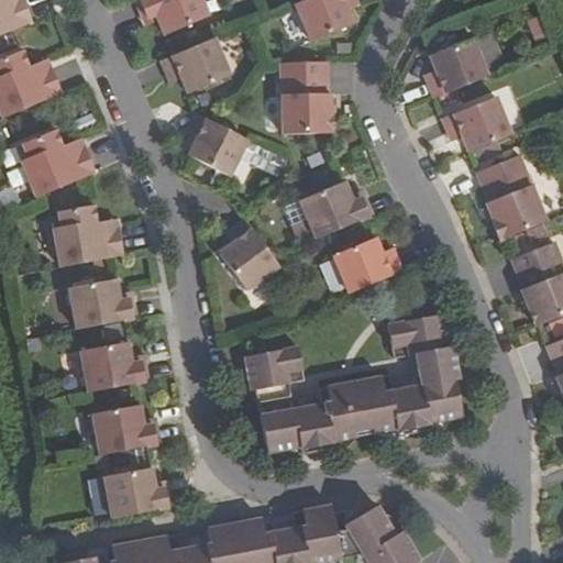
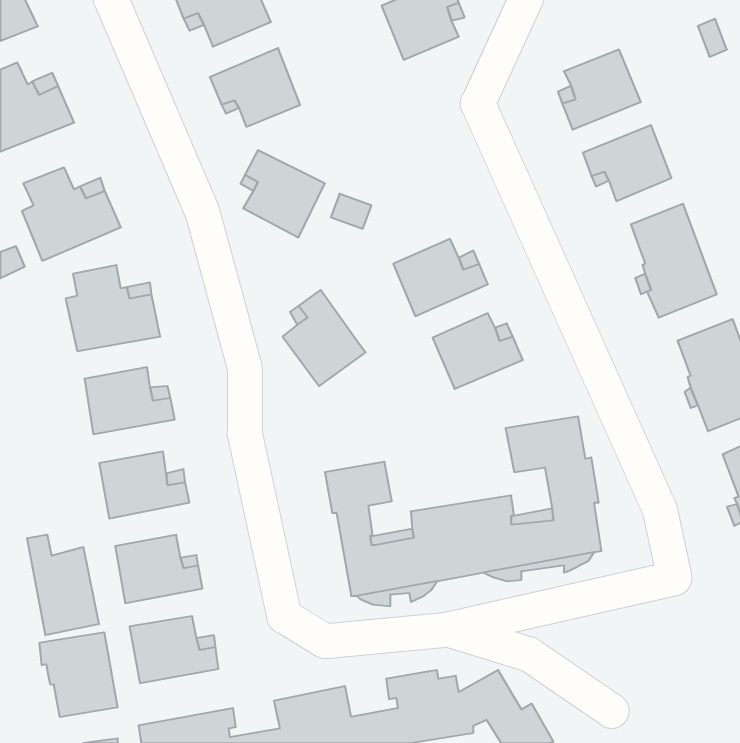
building: [279,60,330,135] -> none
building: none -> [27,535,99,635]
building: none -> [40,632,118,717]

